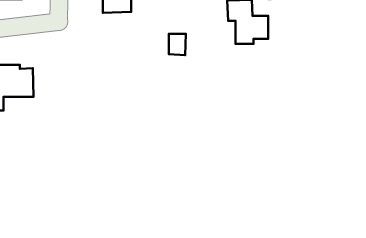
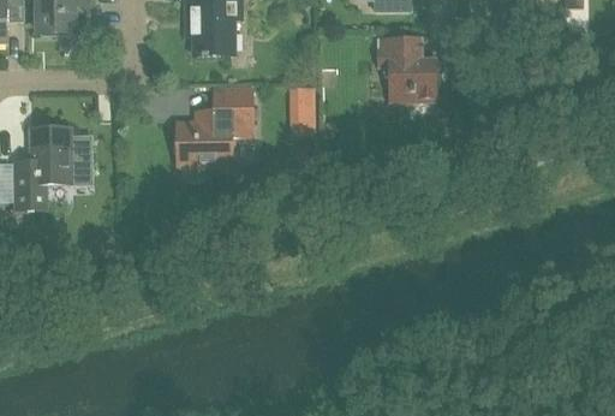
building: none -> [177,88,252,165]

